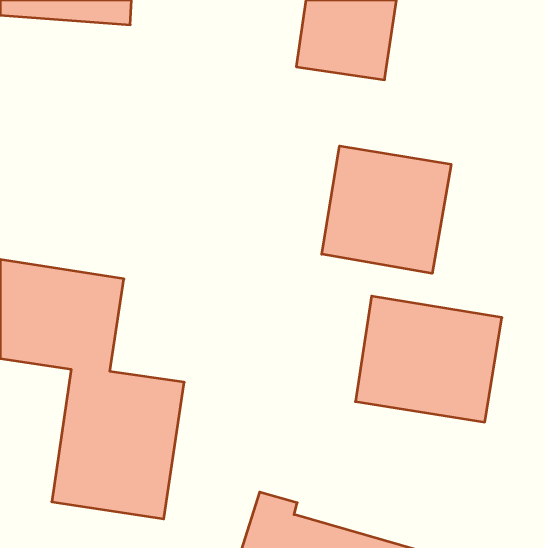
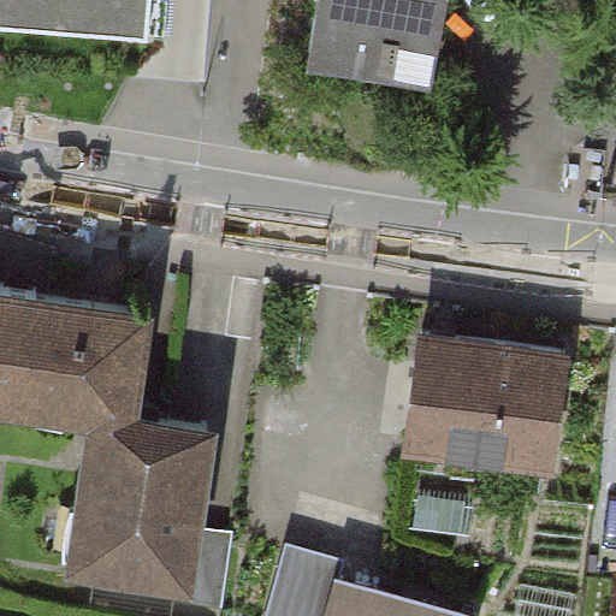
building: [322,146,451,273] -> none

